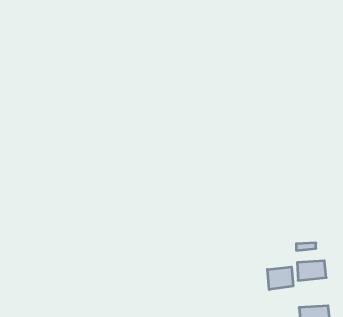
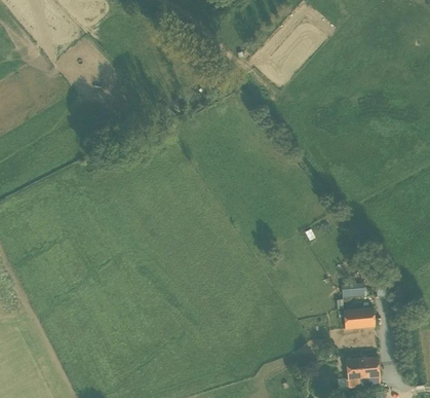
building: [267,267,293,290] -> none

